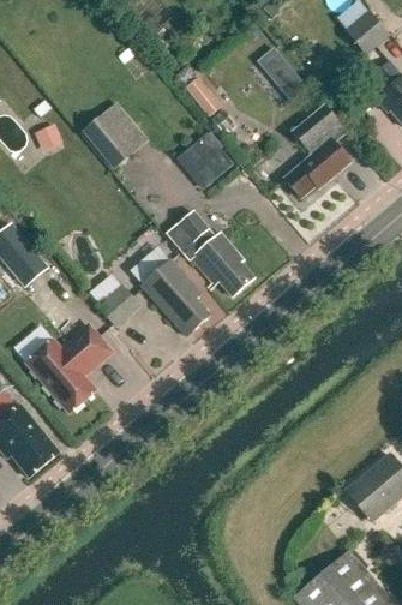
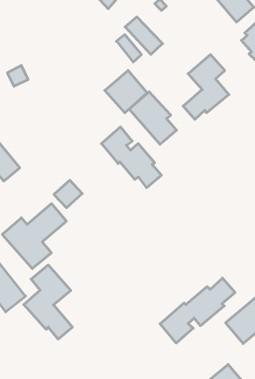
building: [252,44,306,98] -> [125,17,163,54]
building: [83,114,134,168] -> none
building: [142,260,210,336] -> [129,92,177,144]
building: none -> [24,265,72,339]
building: none -> [160,278,235,343]

